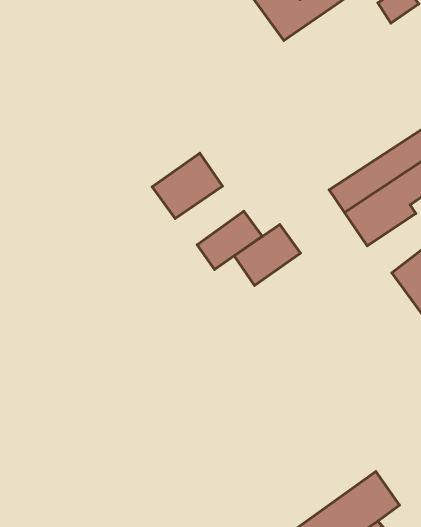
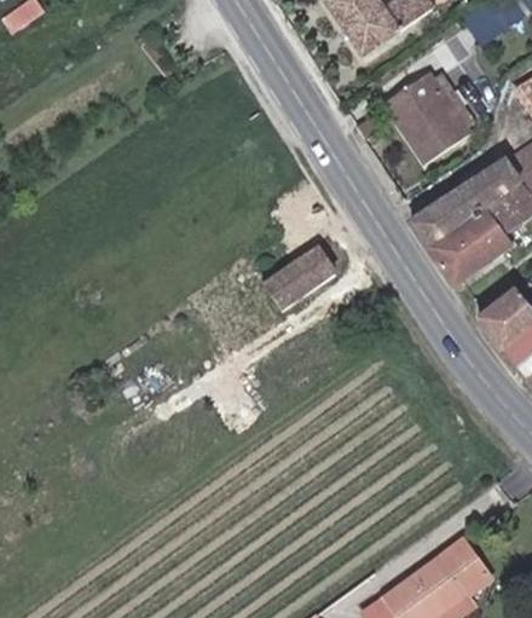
building: none -> [387,71,473,162]
building: [152,153,222,219] -> none
building: [234,225,300,286] -> none

